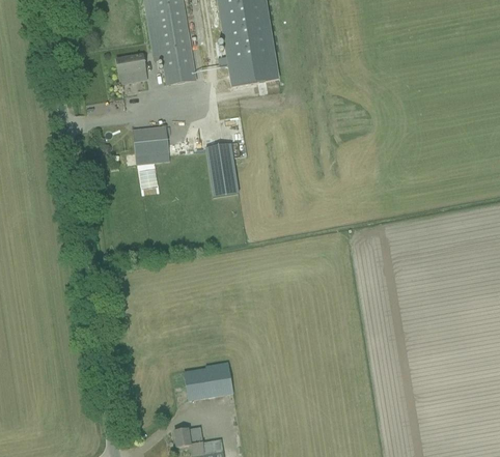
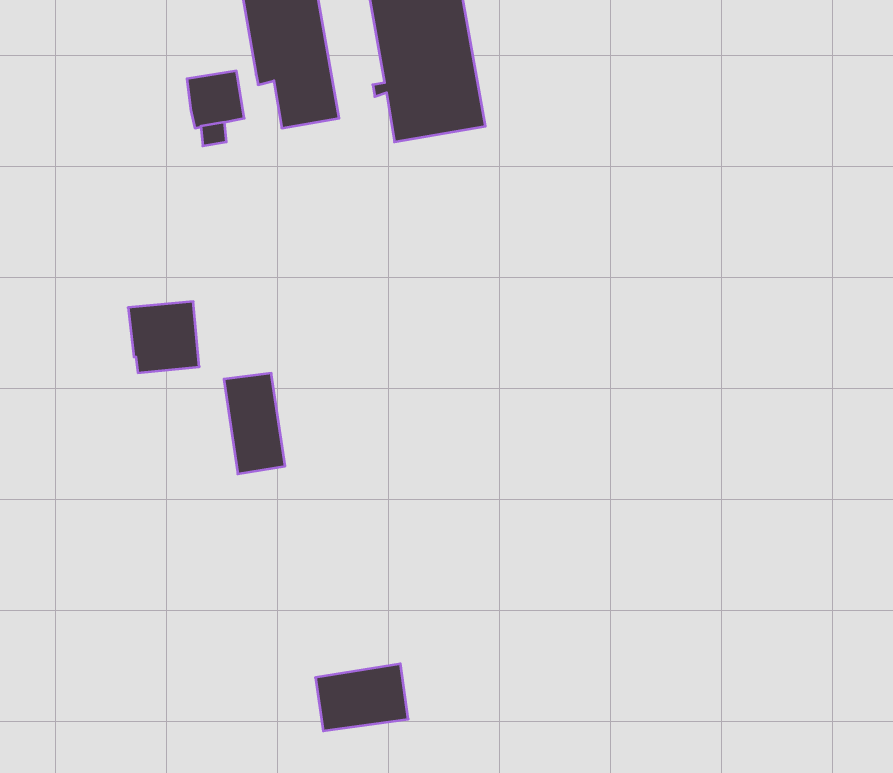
building: [133,125,170,163] -> [128,302,199,373]
building: [206,143,239,196] -> [224,373,285,474]

